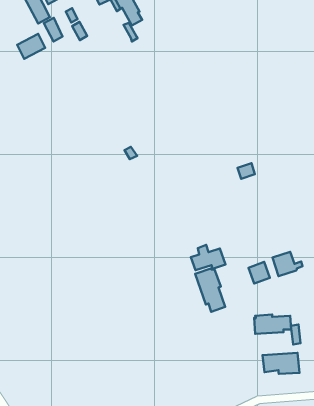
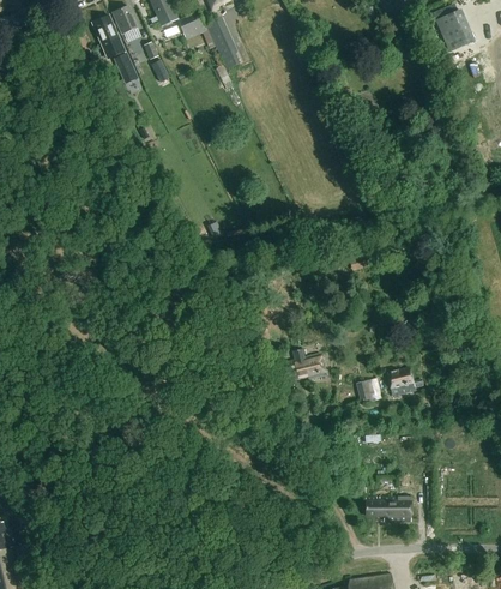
building: [17,34,45,59] -> none
building: [195,268,225,312] -> none
building: [254,314,291,334] -> none

